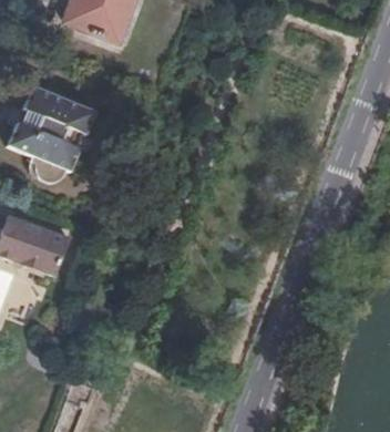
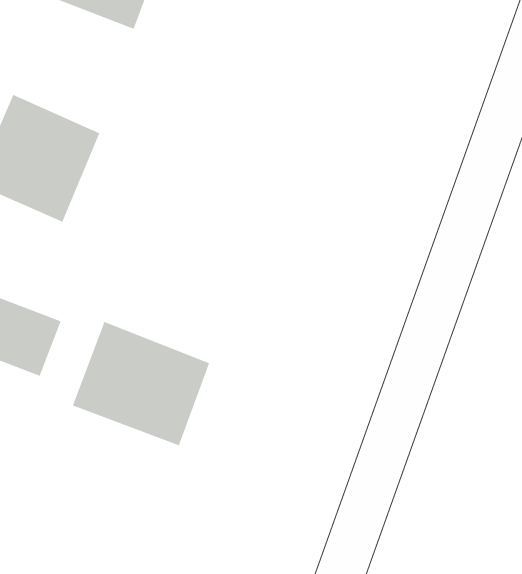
building: none -> [72,321,210,446]

